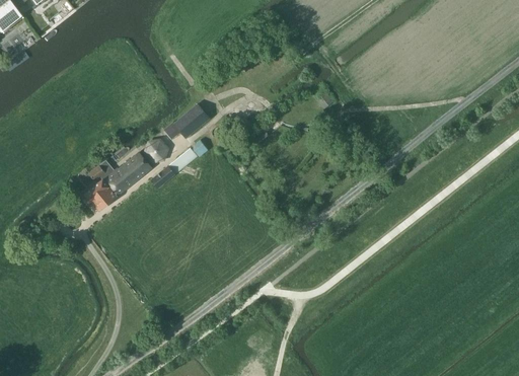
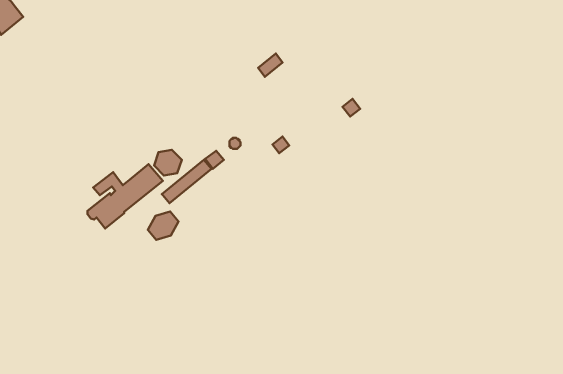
building: [164,103,209,138] -> none
building: none -> [148,211,178,240]

